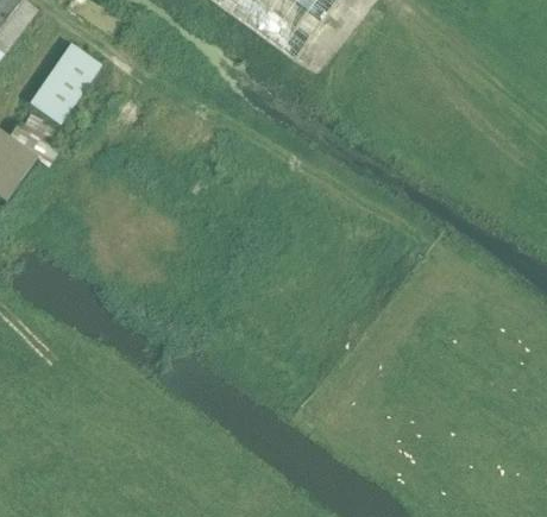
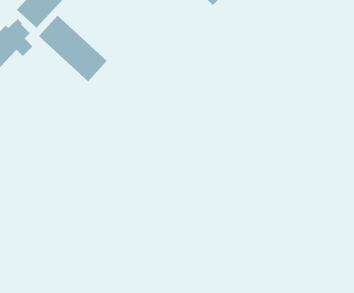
building: none -> [38,15,108,82]

